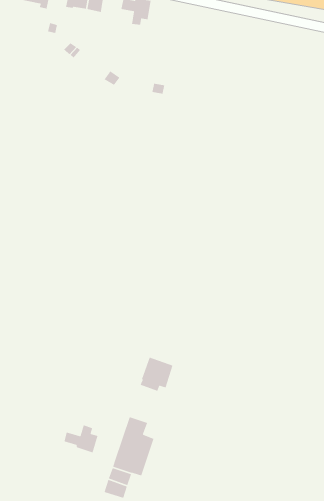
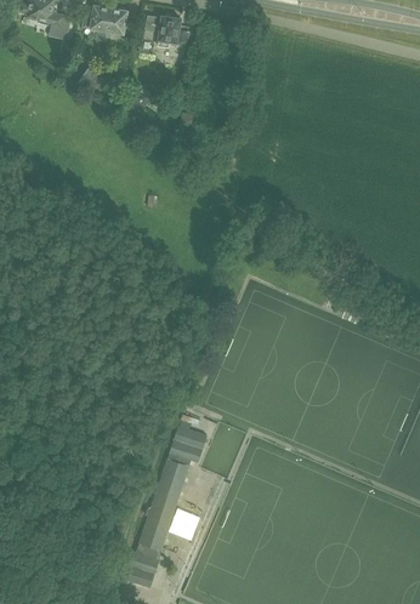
building: none -> [154,458,187,501]
building: [63,424,98,453] -> none

